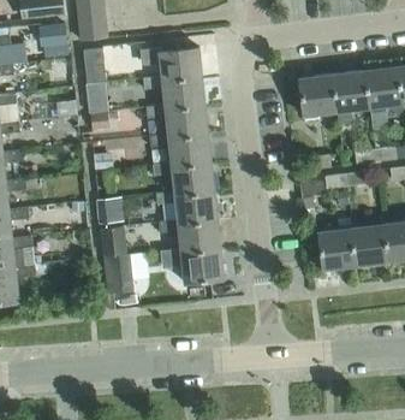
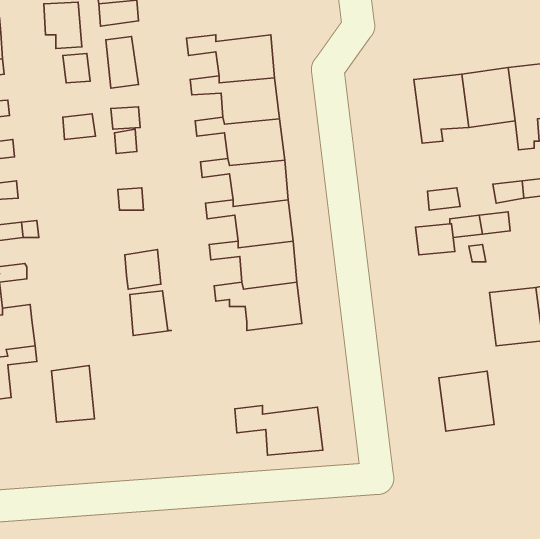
building: [317,227,356,270] -> [439,371,494,431]
building: [162,248,224,283] -> [235,405,323,455]
building: [102,254,132,294] -> [51,366,94,422]

